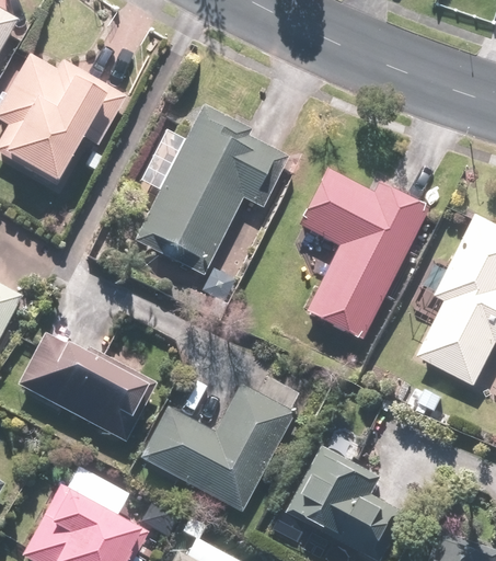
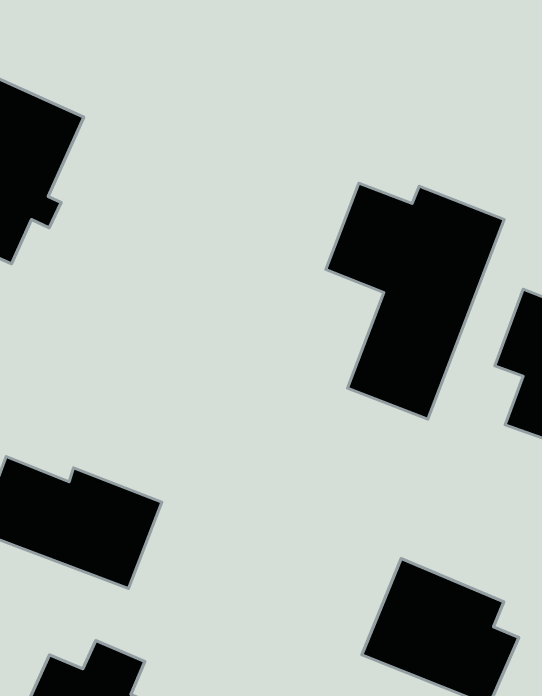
building: [134,101,289,272] -> none
building: [138,381,292,511] -> none

